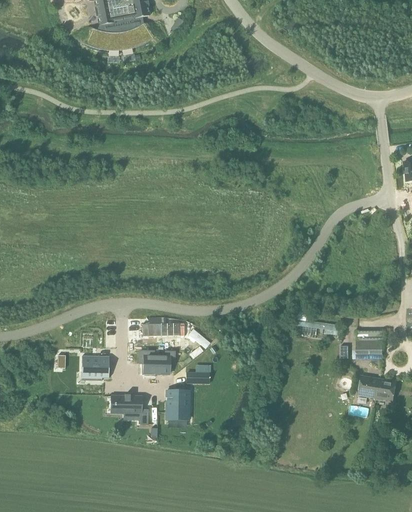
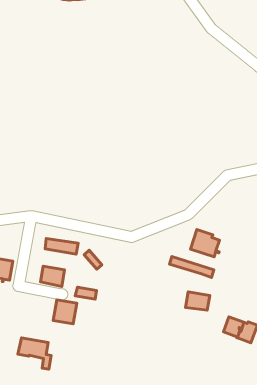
building: none -> [191,230,219,257]
building: [358,340,383,358] -> [186,292,210,310]
building: [110,394,148,424] -> [18,338,51,369]

